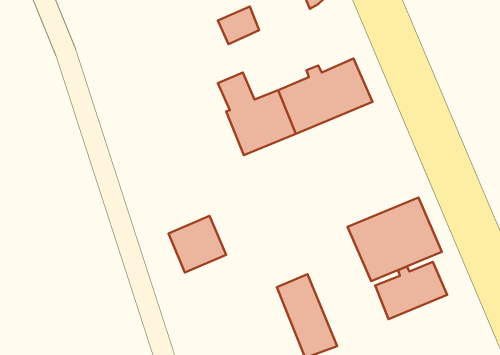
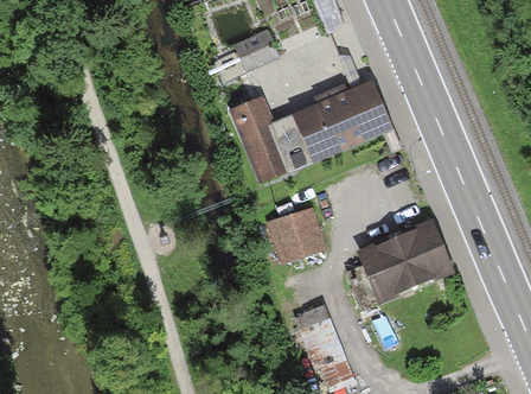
building: [168,216,226,272] -> [264,210,322,267]
building: [375,262,447,319] -> none

